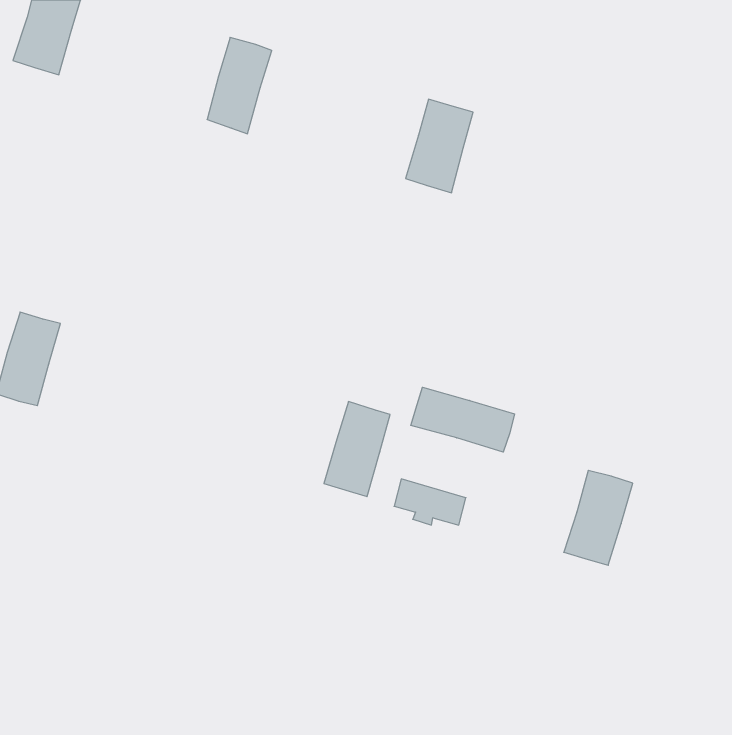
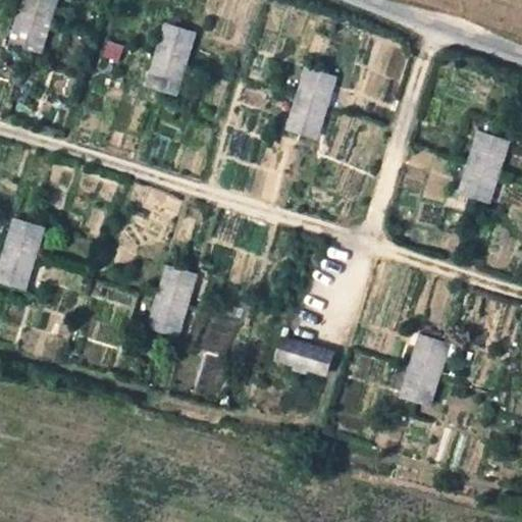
building: none -> [460,129,508,200]
building: [411,387,515,452] -> none
building: [324,402,390,497] -> [148,268,195,335]

